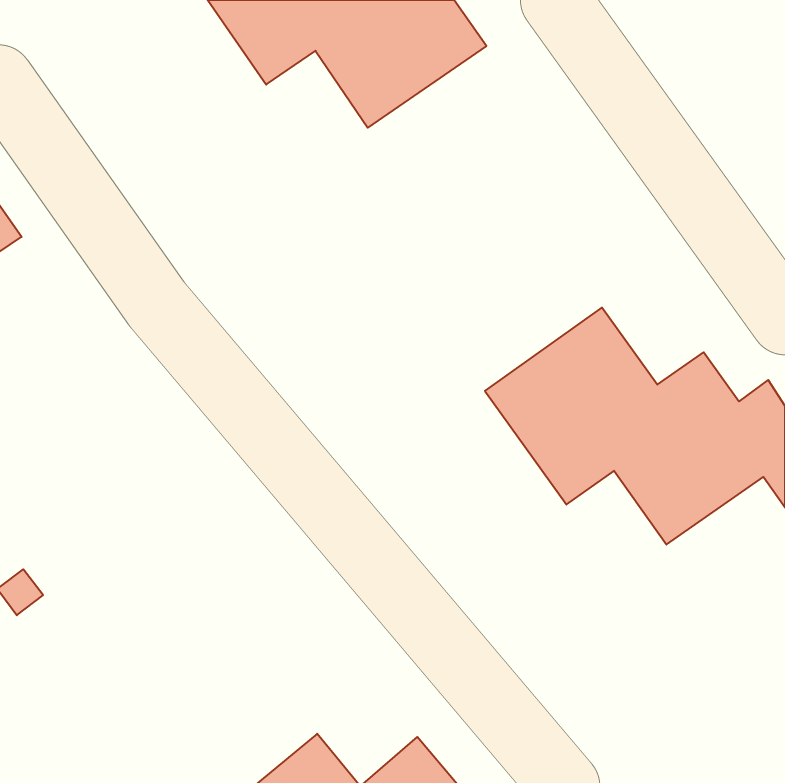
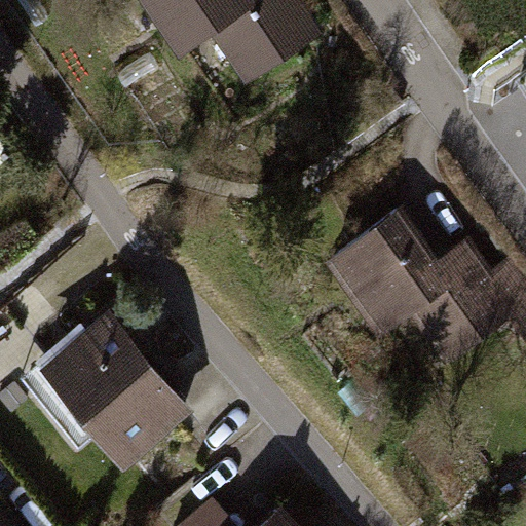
building: none -> [18,301,190,459]

